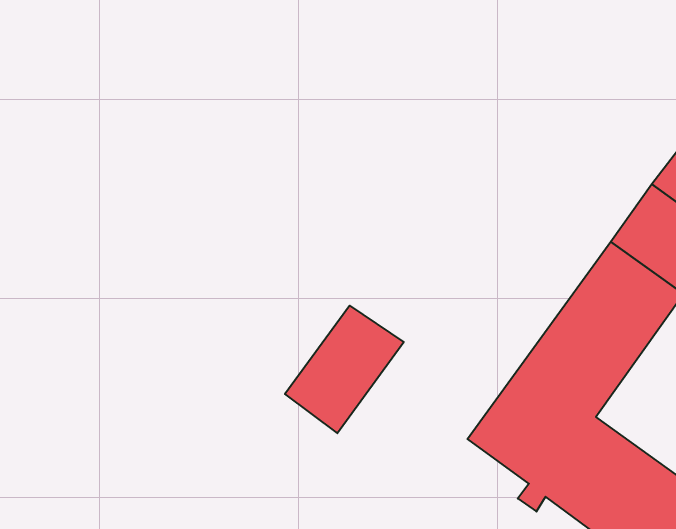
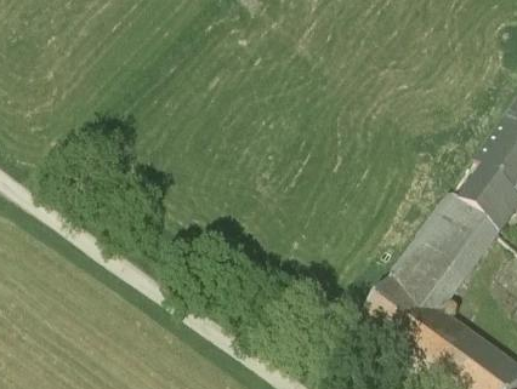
building: [285,306,404,433] -> none

